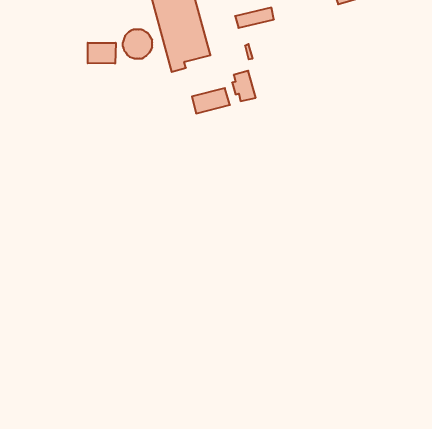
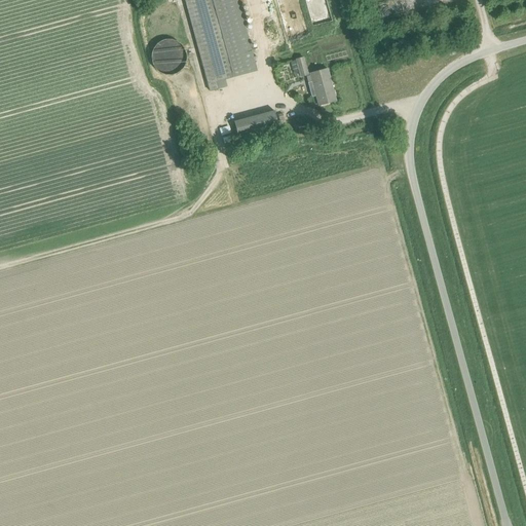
building: [88,43,116,64] -> none
building: [232,71,256,101] -> [307,65,336,102]

